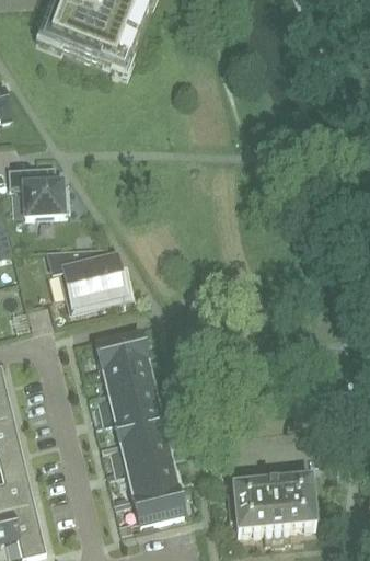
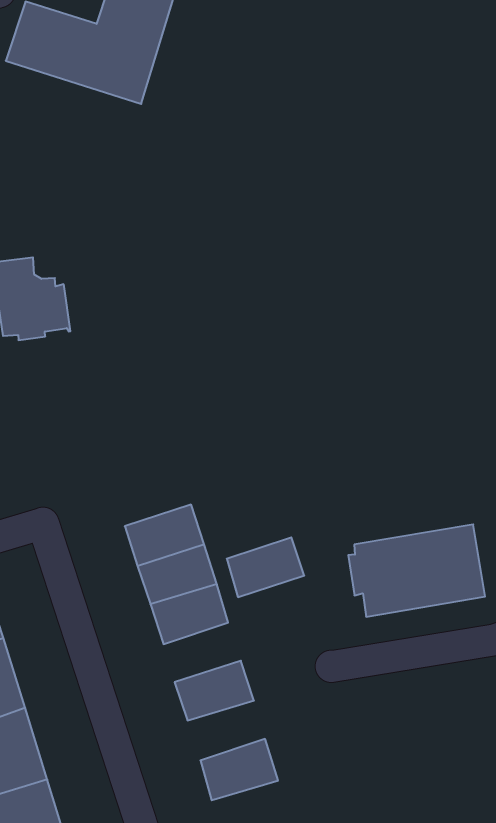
building: [47,248,130,308] -> none
building: [115,412,164,448] -> [227,537,304,597]
building: [127,463,176,500] -> none
building: [229,481,315,536] -> [348,524,485,617]

